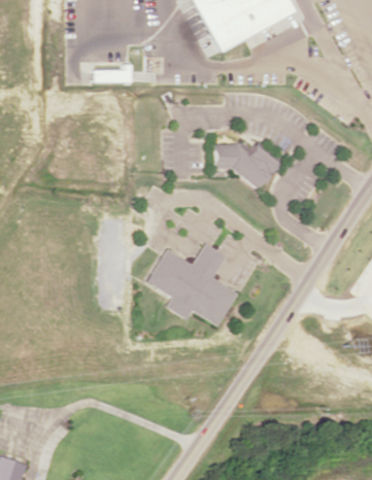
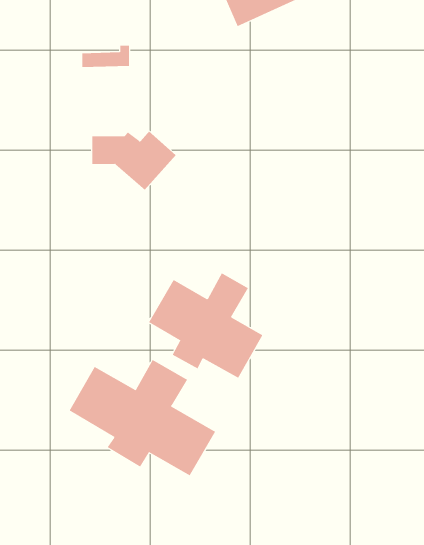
building: [214,141,281,188] -> [91,130,176,191]
building: none -> [69,359,216,476]

